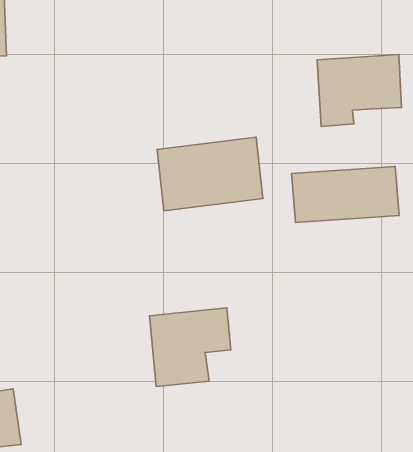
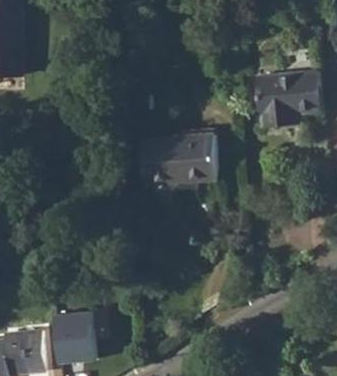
building: [292,166,399,222] -> none
building: [149,308,231,387] -> [56,306,116,364]

